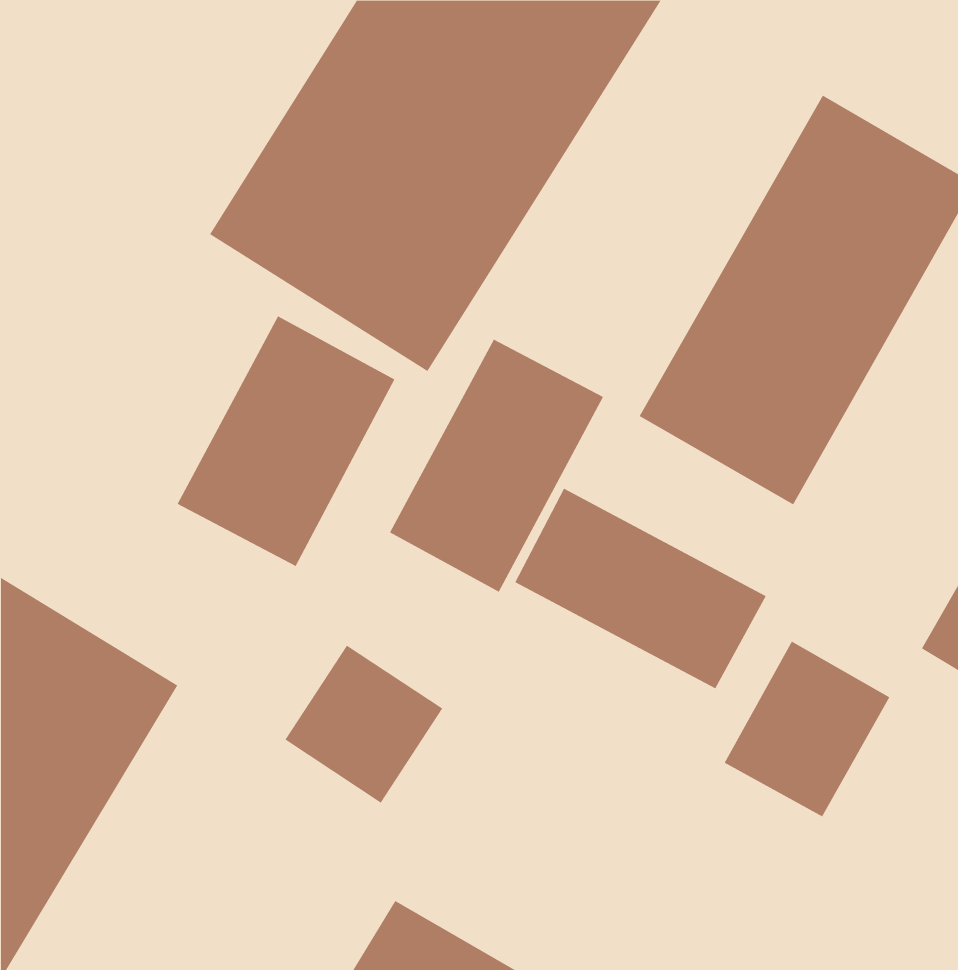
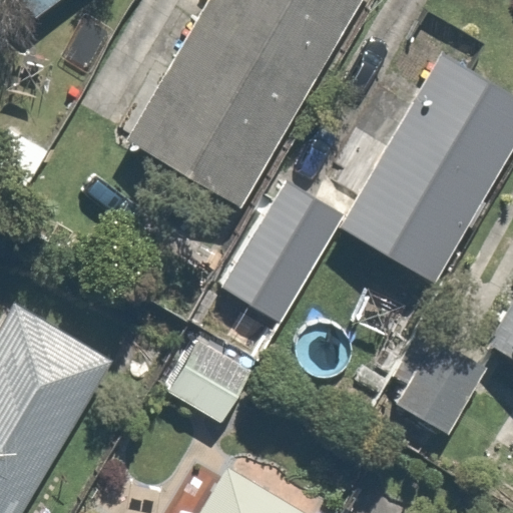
building: [177,316,395,567] -> none
building: [514,488,766,689] -> none

